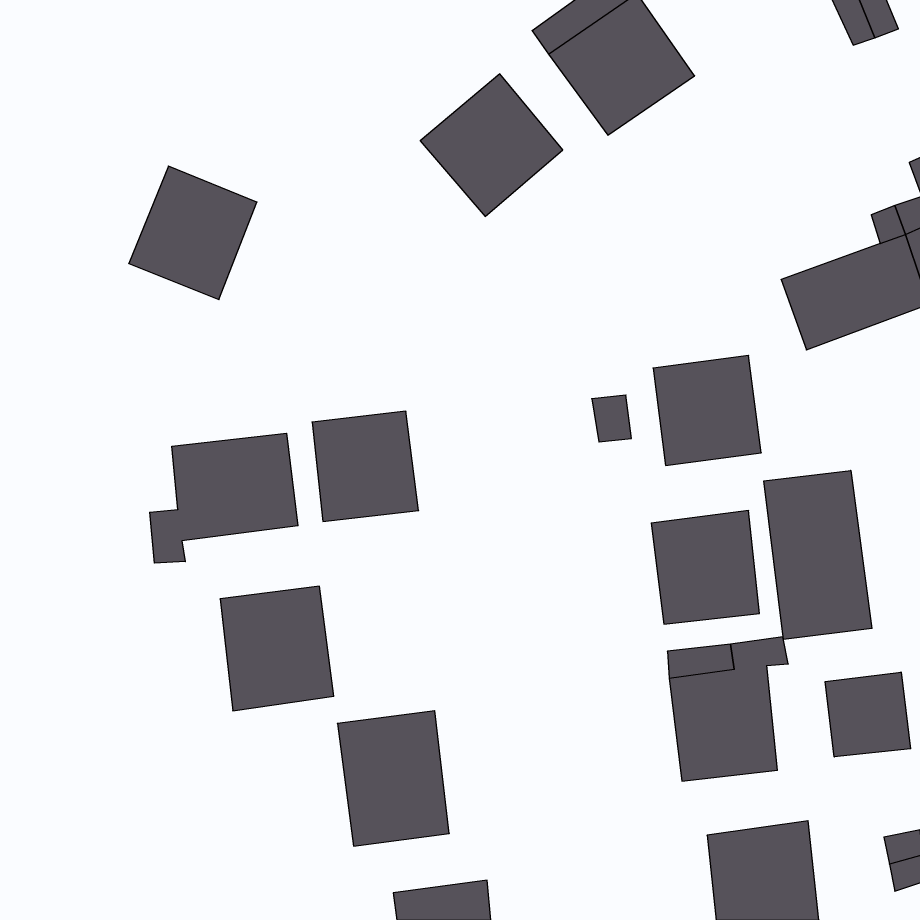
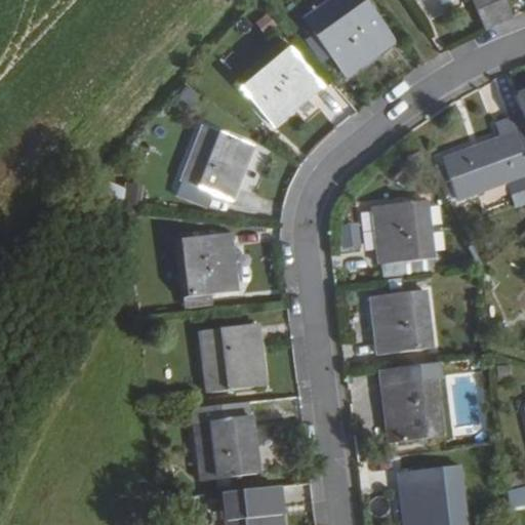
building: [129,166,257,300] -> [184,127,256,203]
building: [150,433,298,563] -> none
building: [764,470,872,639] -> none
building: [220,586,334,711] -> [200,324,265,395]
building: [825,672,911,757] -> none

